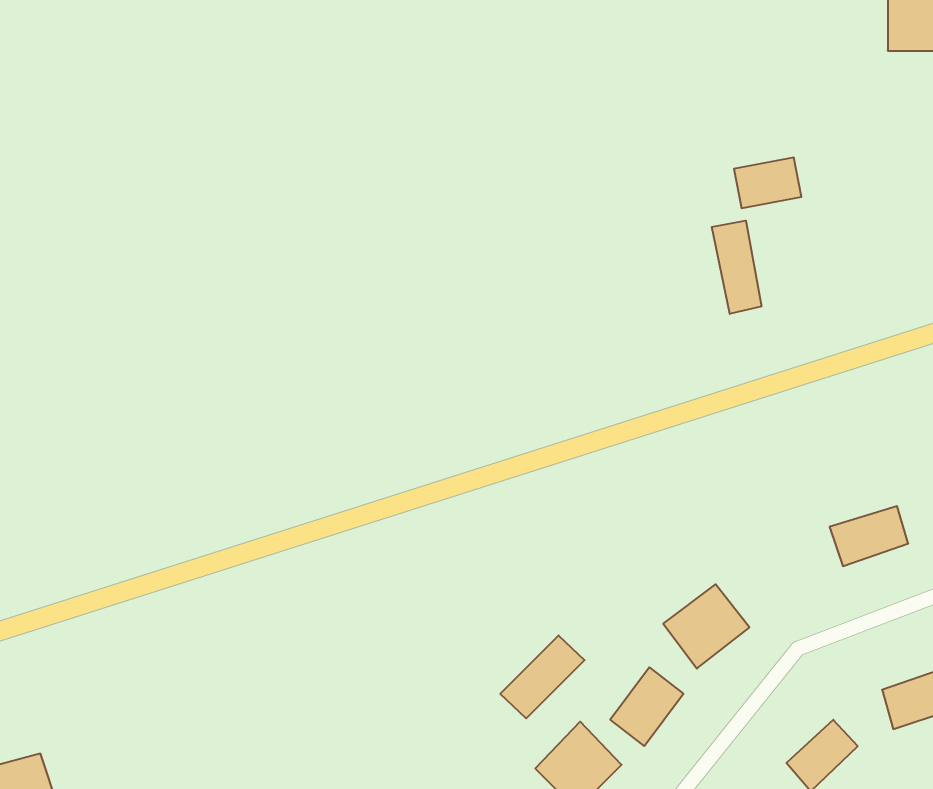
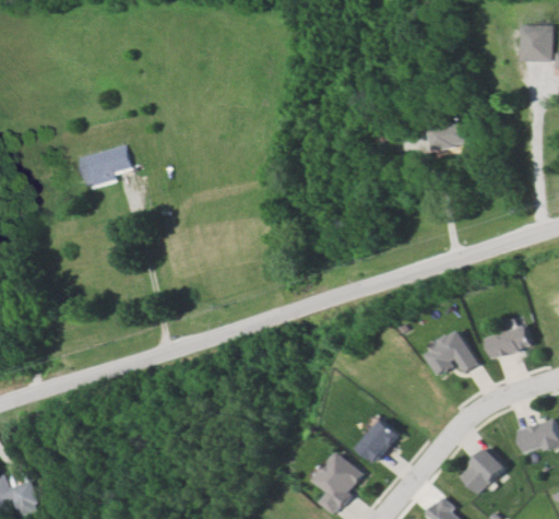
building: none -> [79,145,130,184]
building: [712,221,761,314] -> none
building: [663,584,749,669] -> [428,331,478,380]
building: [500,635,585,718] -> none

